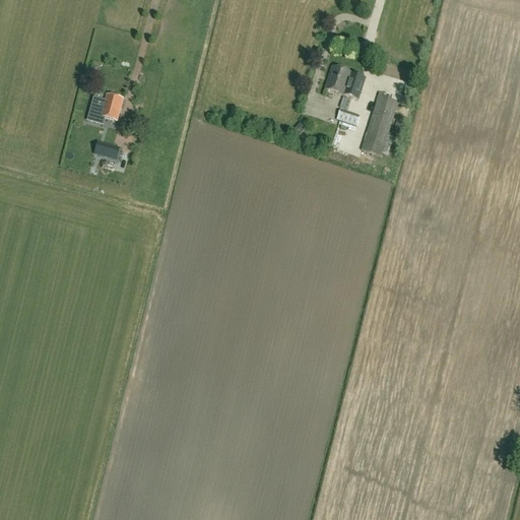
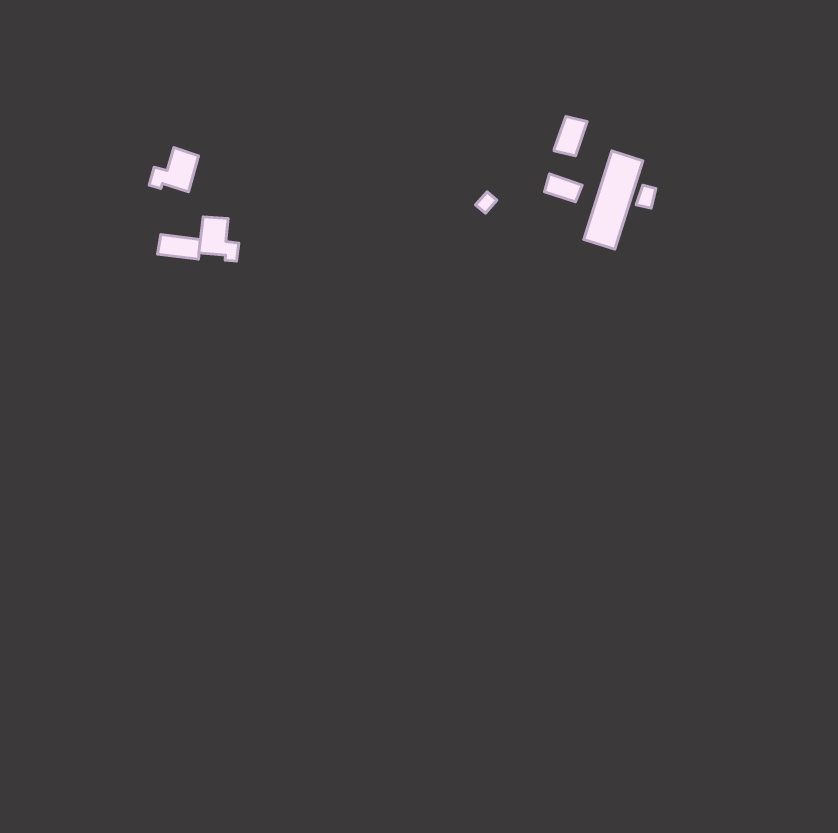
building: [324,64,351,94] -> none
building: none -> [199,217,239,261]

